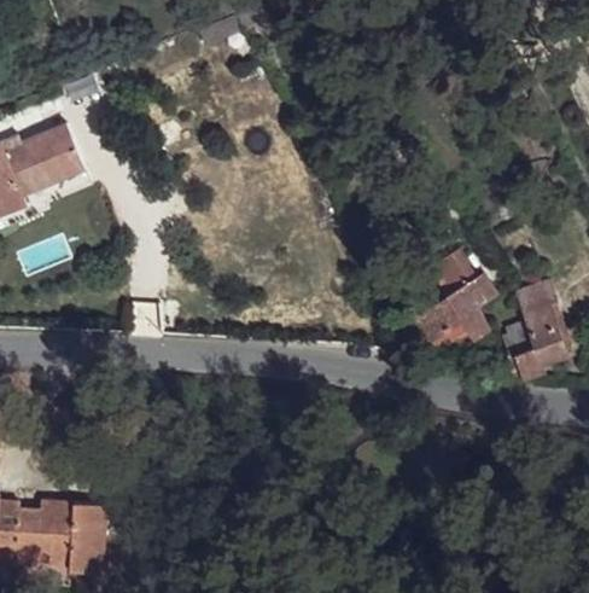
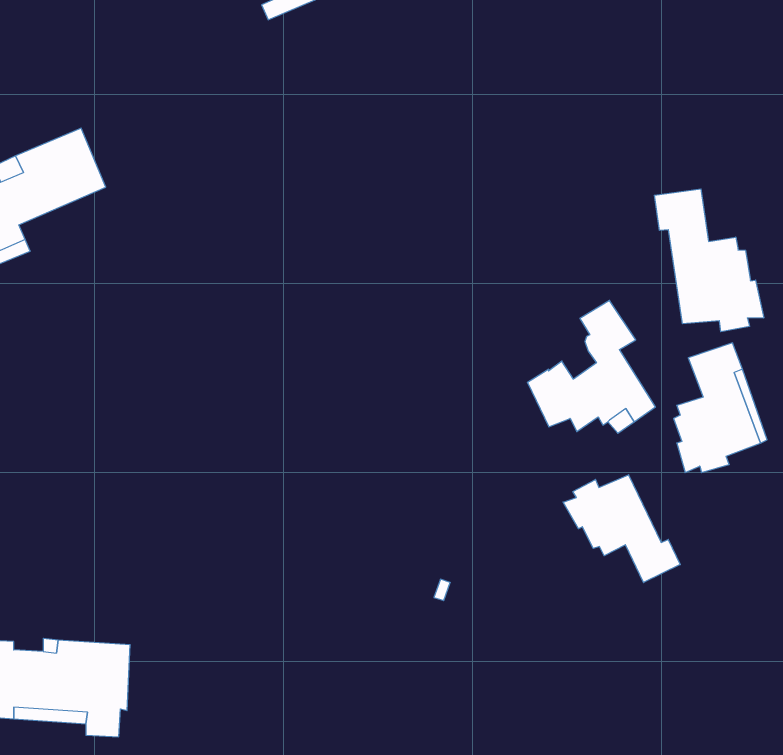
building: none -> [654,189,764,332]
building: none -> [563,475,680,583]

